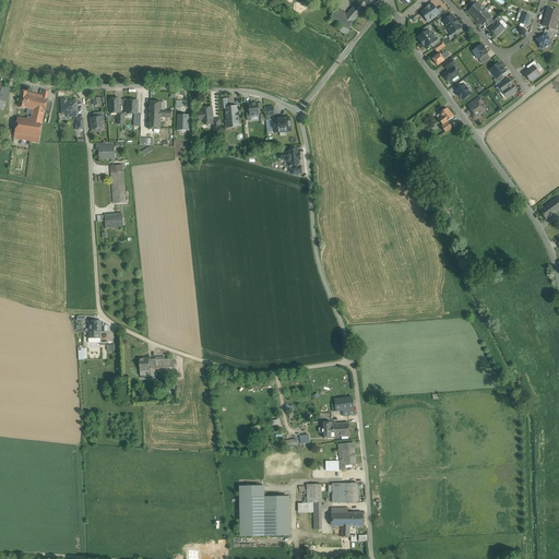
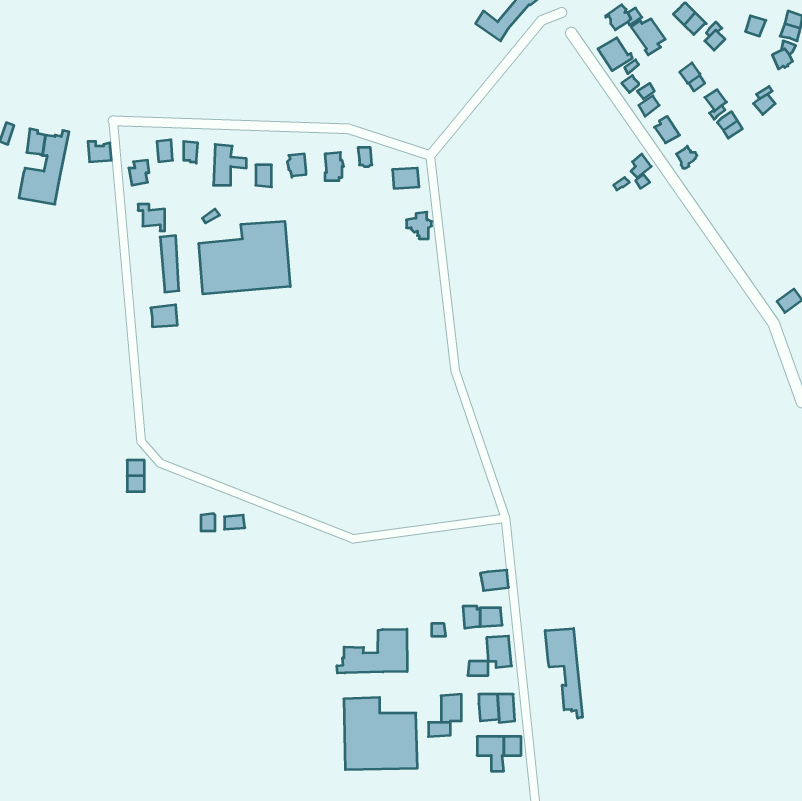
building: none -> [199,221,290,294]
building: none -> [545,628,582,718]
building: none -> [337,629,407,673]

